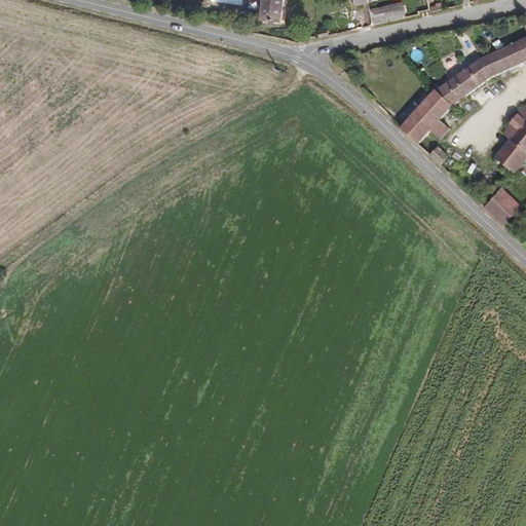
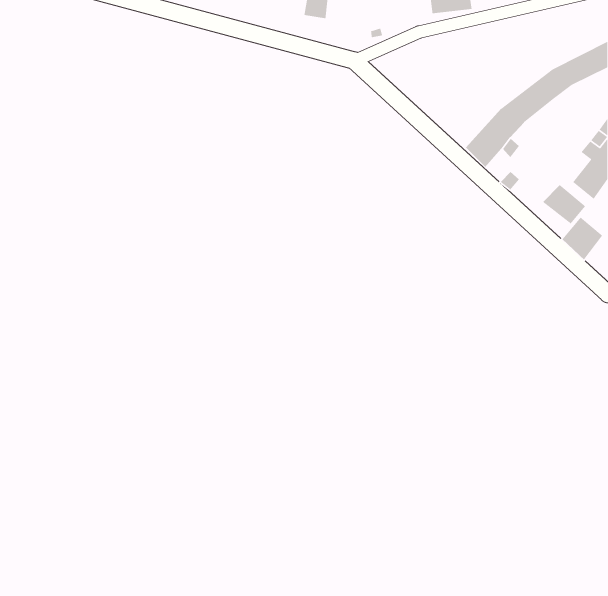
building: none -> [542,184,586,225]

